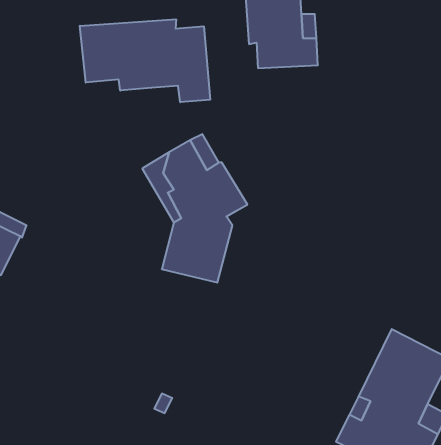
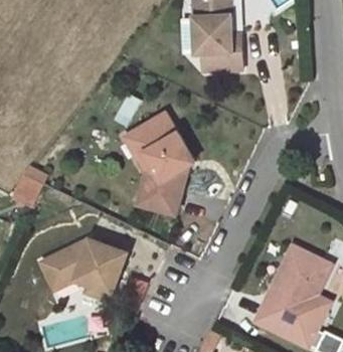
building: [80,19,210,102] -> none
building: none -> [39,238,126,293]

